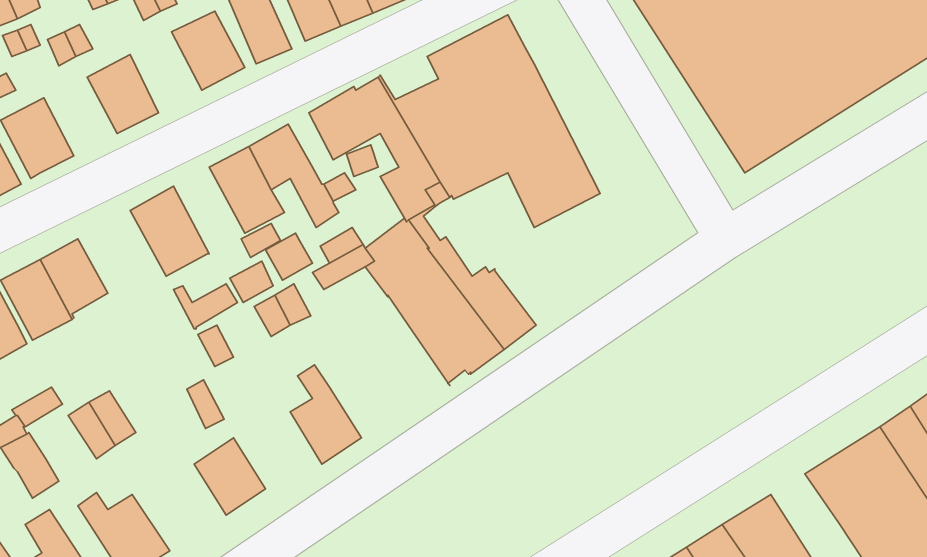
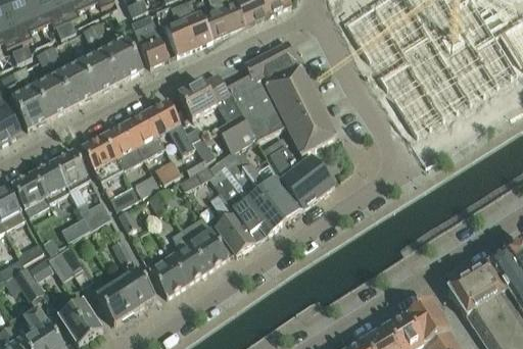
building: none -> [81,48,120,92]
building: none -> [34,72,74,115]
building: none -> [104,121,143,168]
building: none -> [266,143,333,207]
building: none -> [52,149,90,190]
building: none -> [210,191,254,253]
building: none -> [77,199,110,229]
building: none -> [181,215,228,268]
building: none -> [148,254,185,295]
building: none -> [96,283,133,322]

